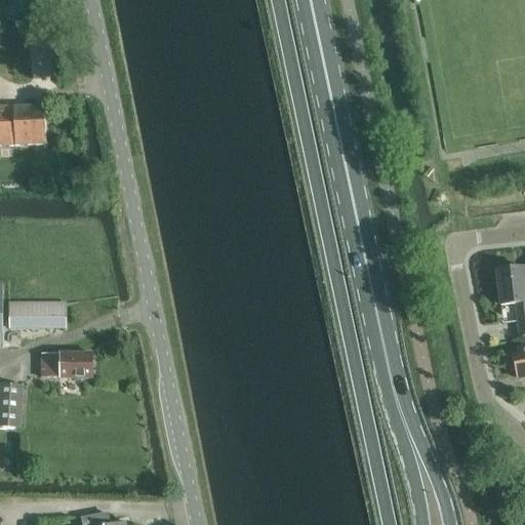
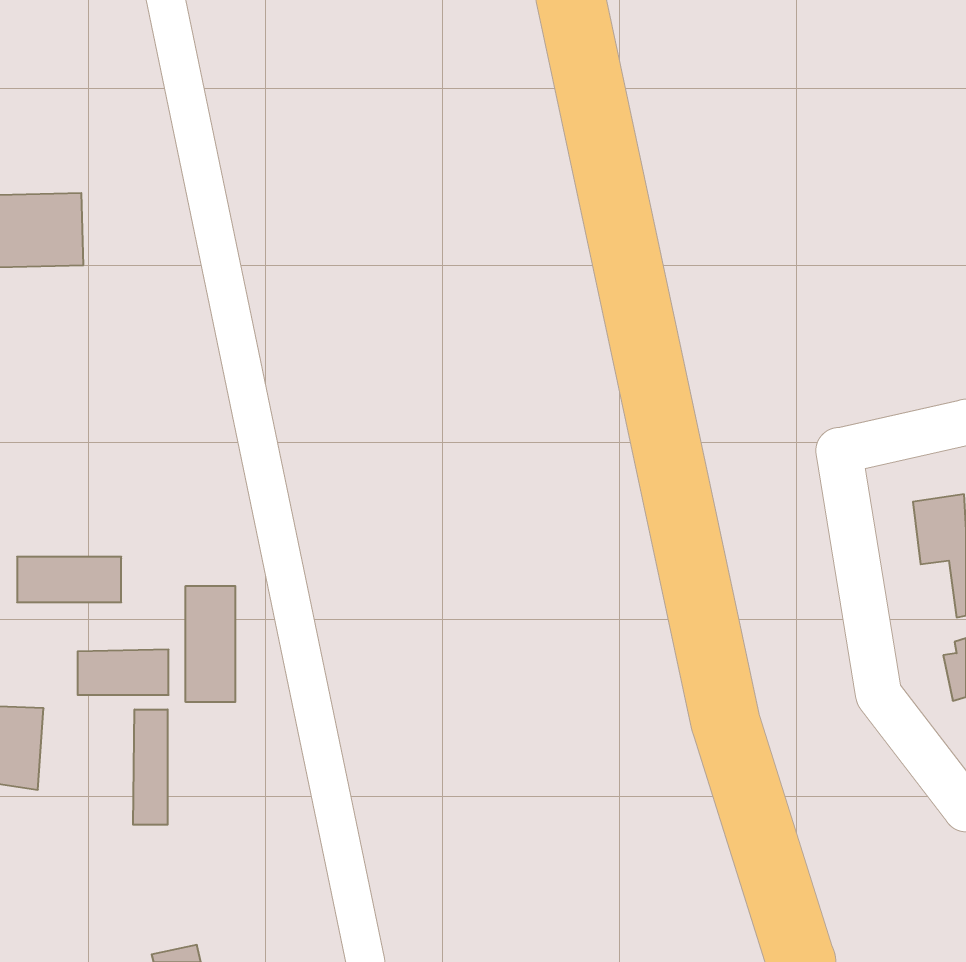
building: none -> [186,586,235,702]
building: none -> [133,709,168,825]

